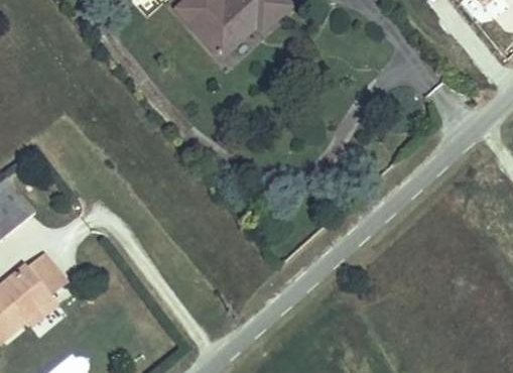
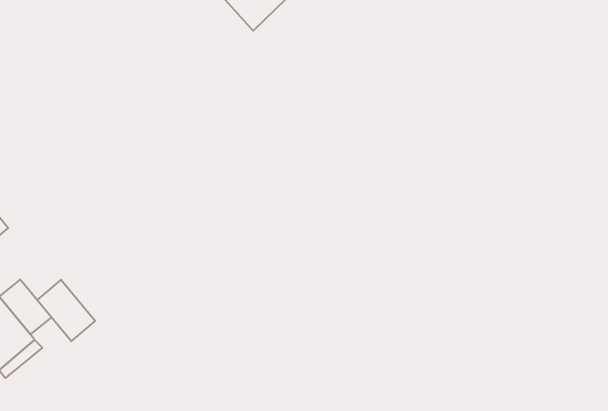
building: none -> [37,280,95,341]

